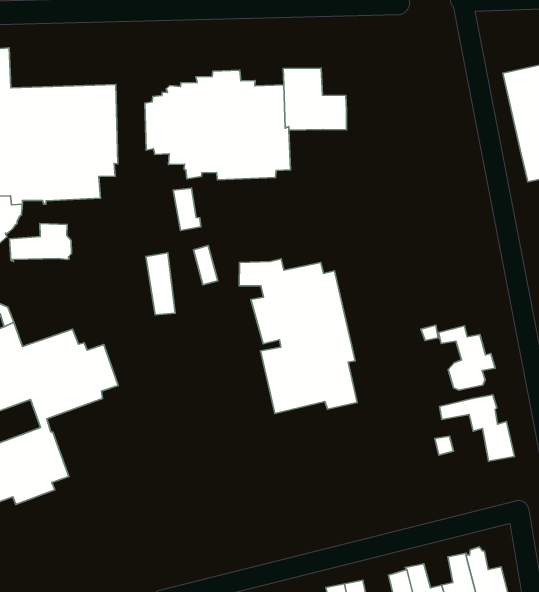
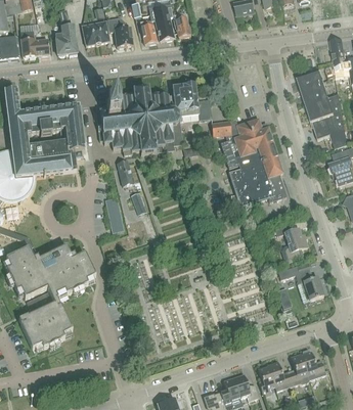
building: [9,224,72,261] -> none
building: [239,259,357,413] -> [212,119,285,207]

